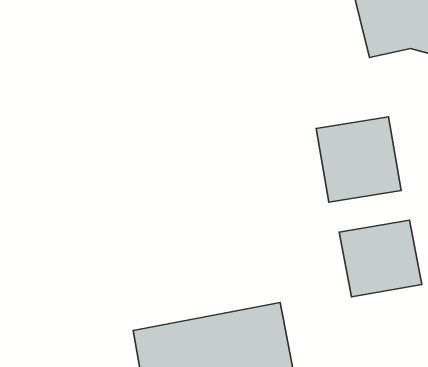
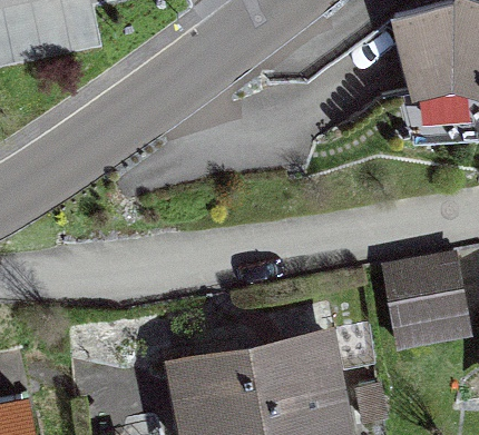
building: [316,117,401,202] -> none

